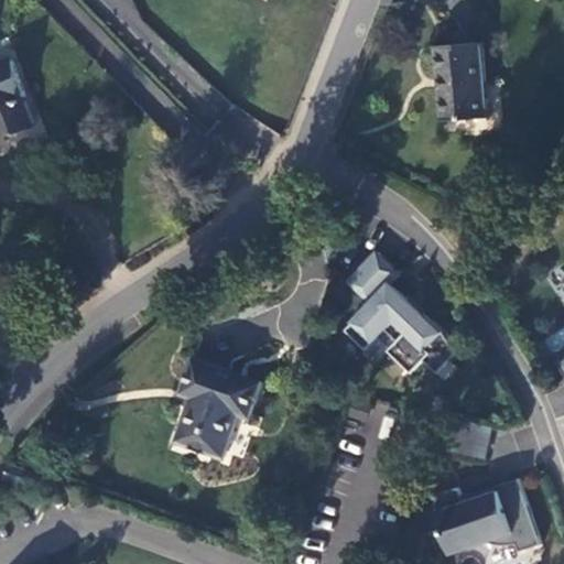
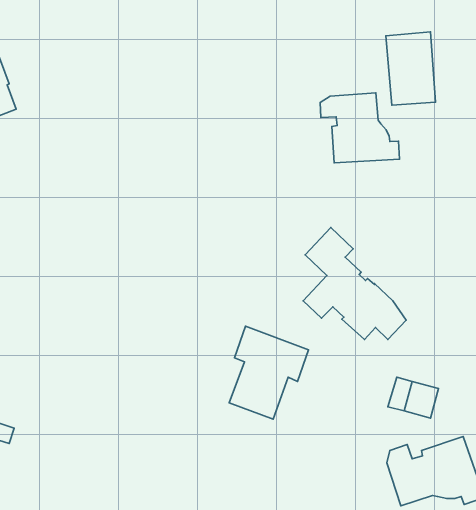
building: none -> [320,93,399,163]
building: [175,358,261,458] -> [229,326,309,419]

